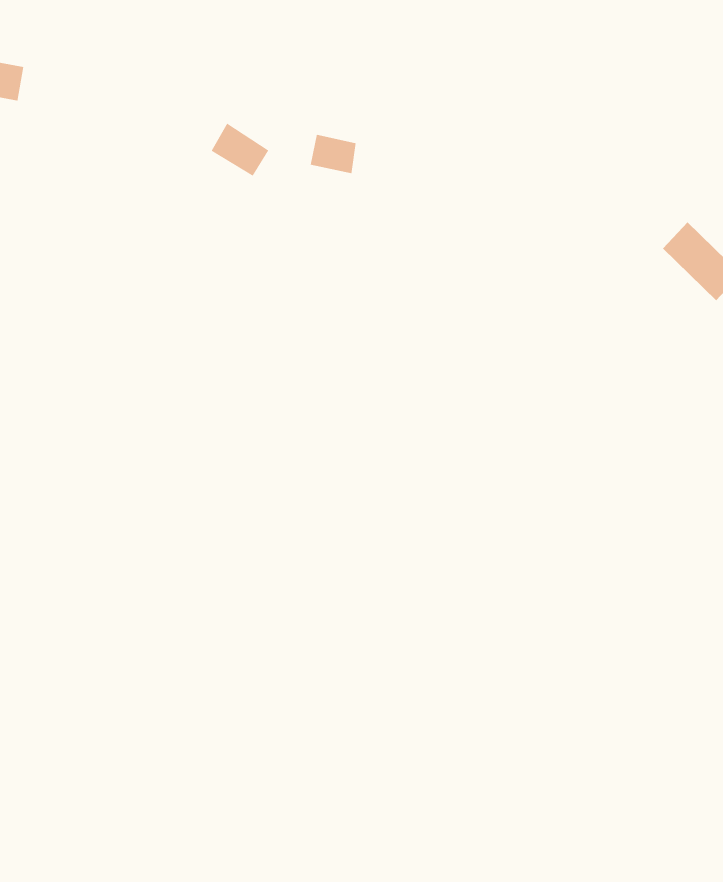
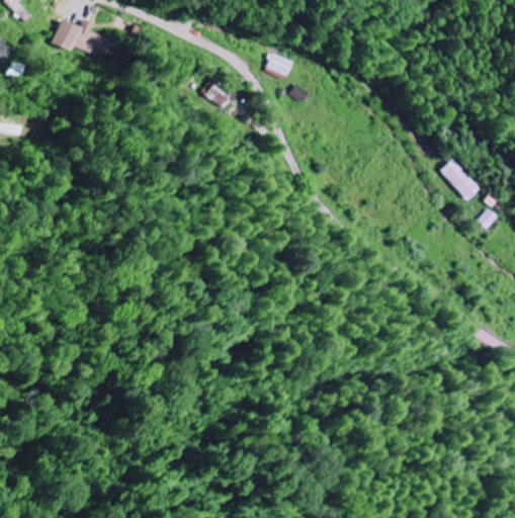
building: [310,134,357,174] -> [265,54,291,77]

